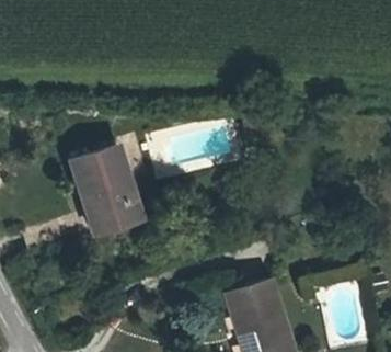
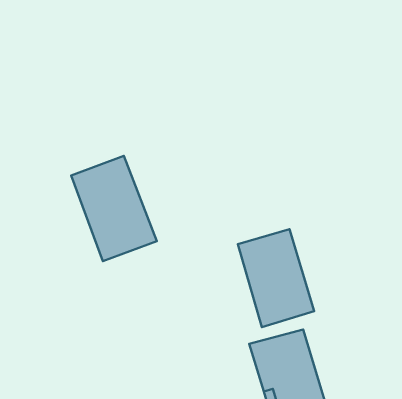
building: none -> [238,229,314,327]

